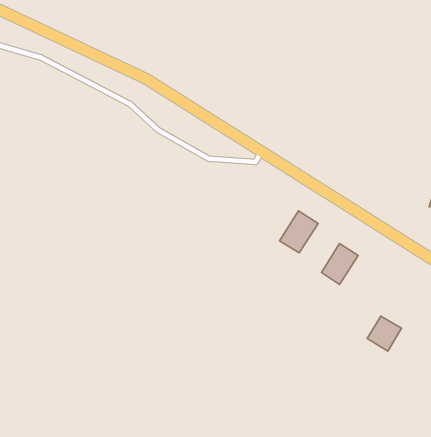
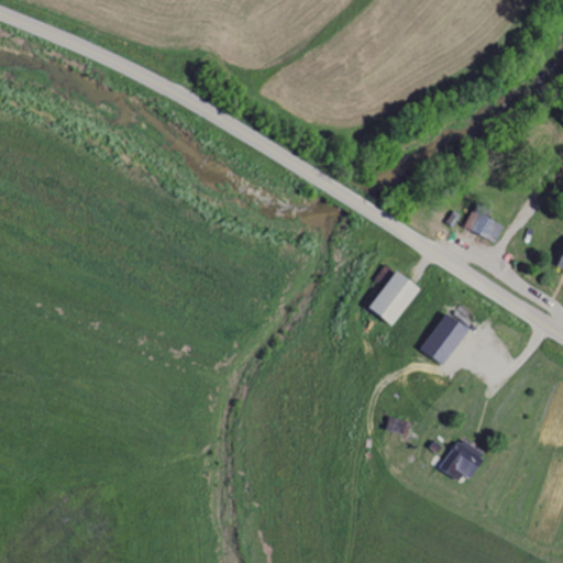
building: none -> [475,213,507,242]
building: [367,316,402,351] -> [443,437,487,482]

